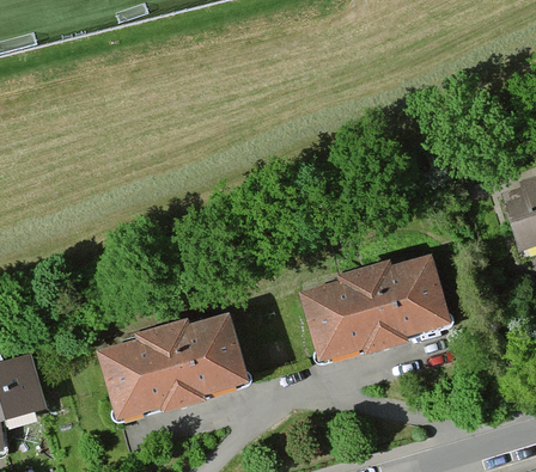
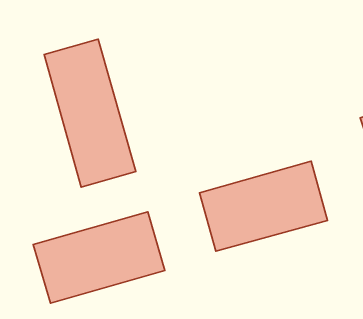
building: none -> [44,39,136,187]

